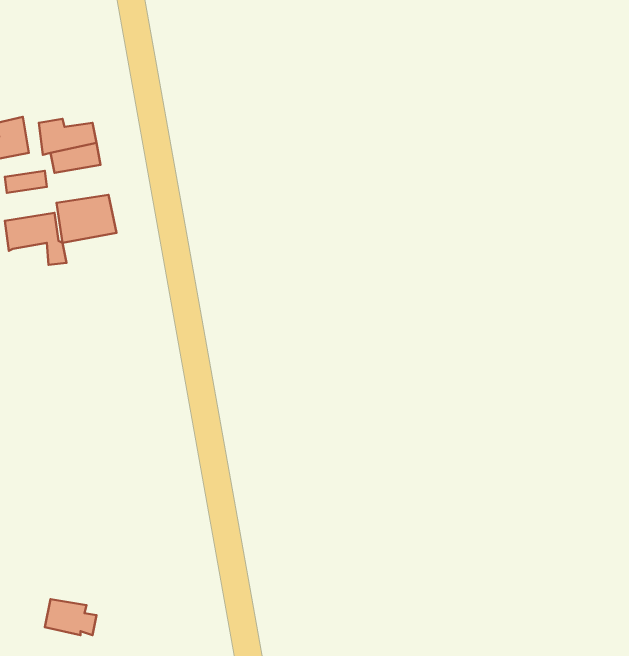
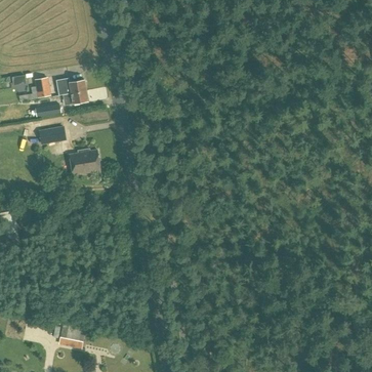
building: [57,195,117,243] -> [69,150,99,174]

